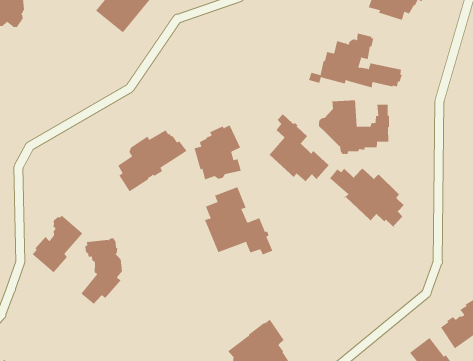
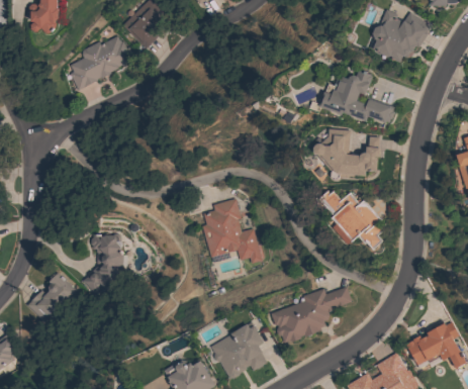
building: [269,113,329,182] -> none
building: [194,125,241,180] -> none
building: [118,130,187,192] -> [70,36,134,90]
building: [32,214,83,273] -> [28,272,77,324]
building: none -> [272,287,352,343]

